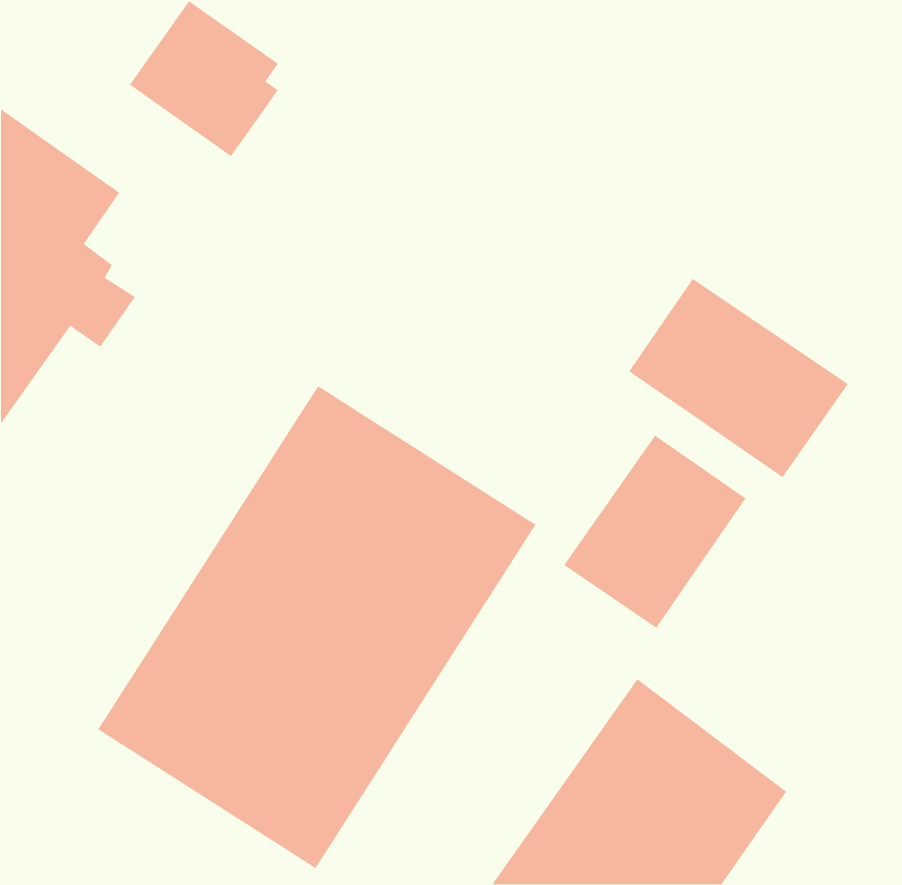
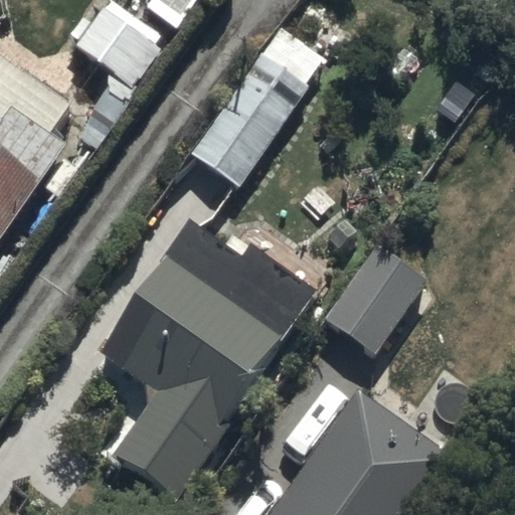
building: none -> [188,26,326,190]
building: [628,278,849,478] -> none

